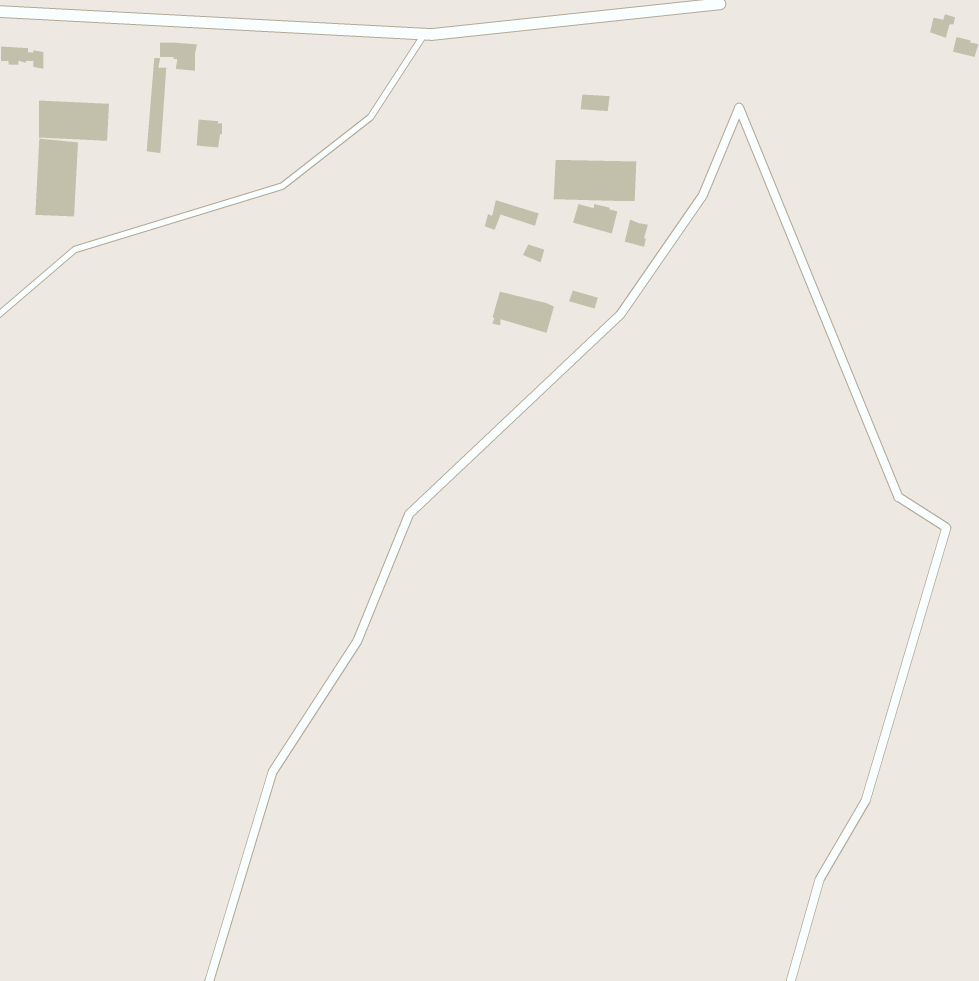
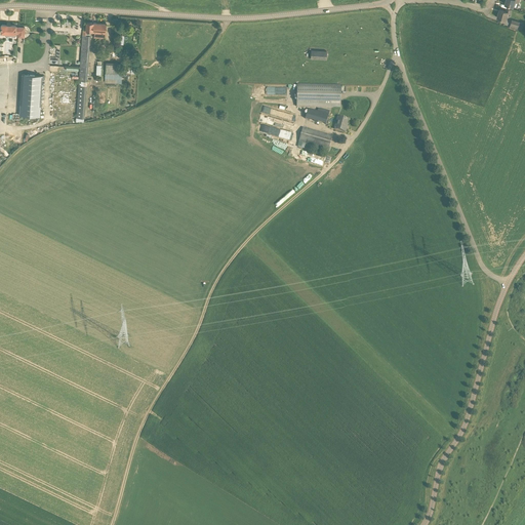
building: [38,100,109,142] -> none
building: [492,291,555,333] -> [297,128,331,151]

